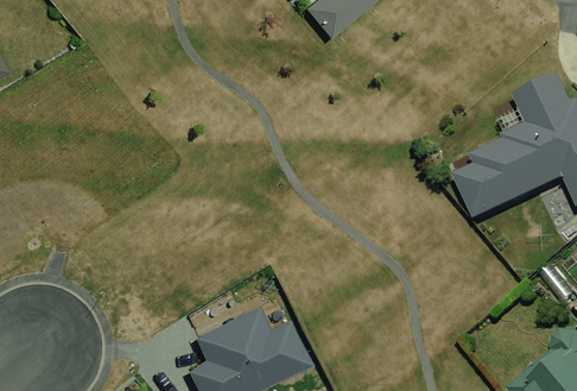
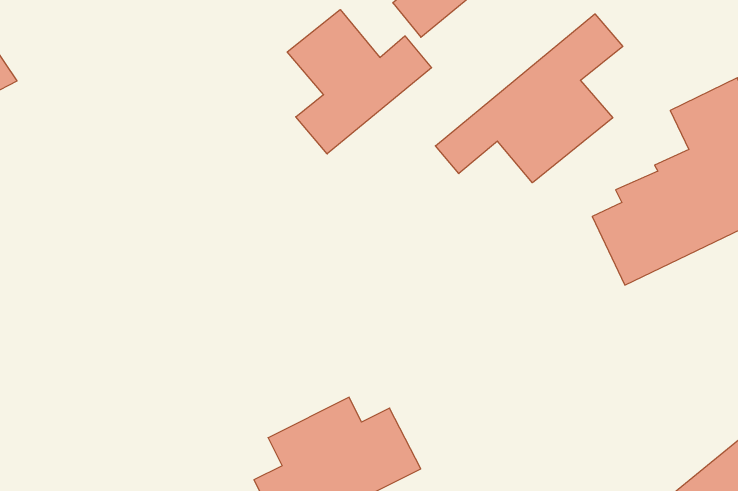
building: none -> [287,10,432,154]
building: none -> [435,14,623,183]

